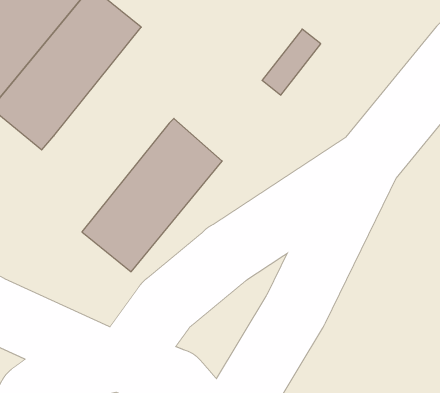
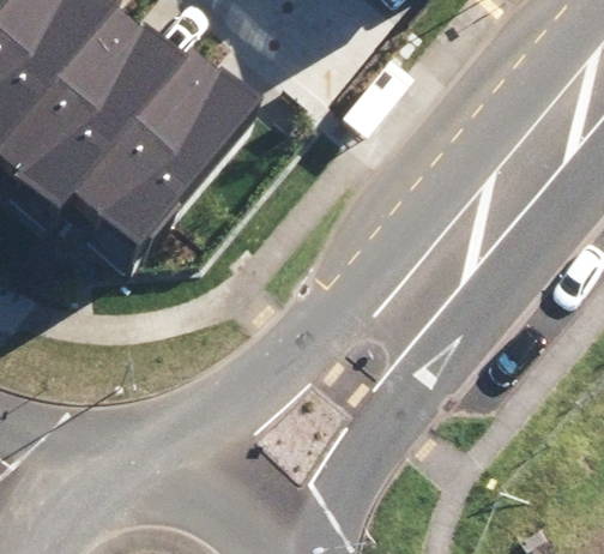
building: [82,118,222,272] -> [73,48,254,246]

